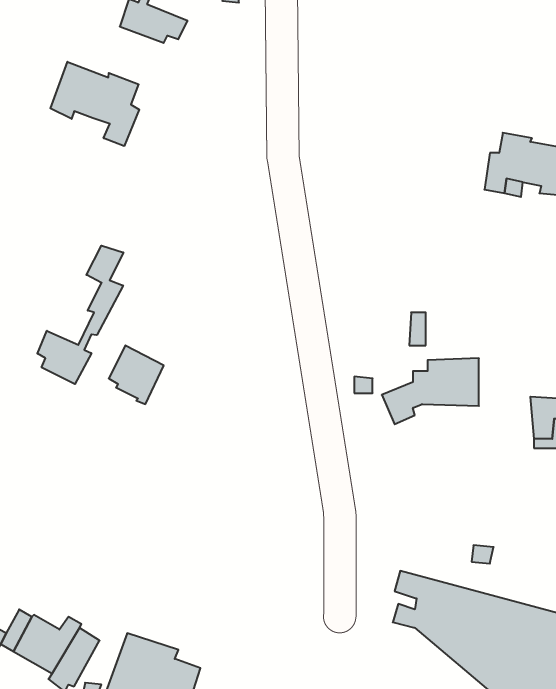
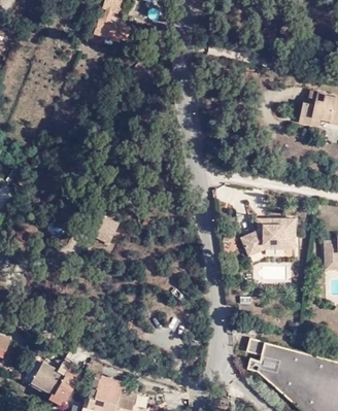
building: [50,62,139,146] -> none
building: [37,246,123,384] -> none

